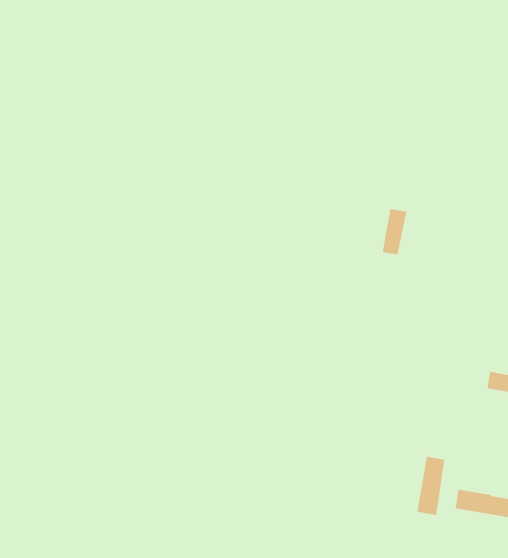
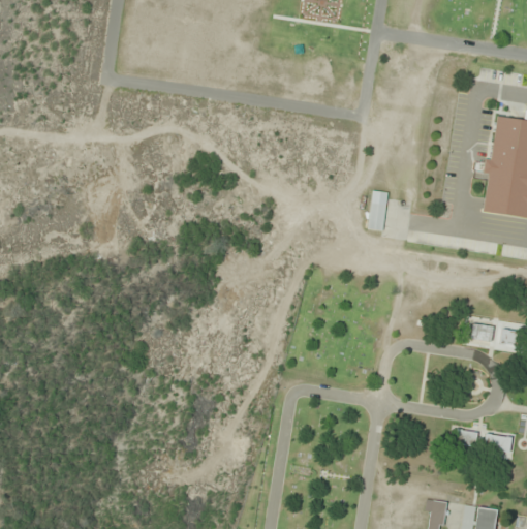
building: [416,456,445,516] -> none

